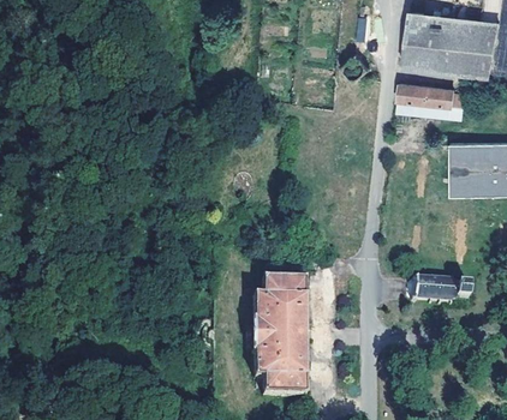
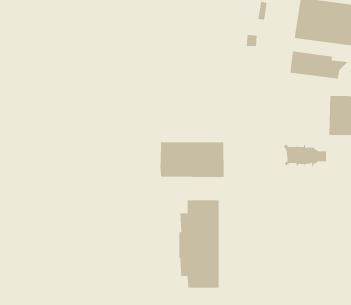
building: none -> [160,142,224,178]
building: [410,274,467,305] -> [283,144,327,167]

